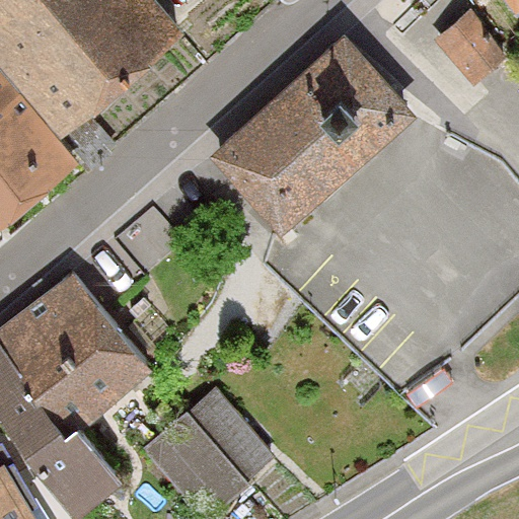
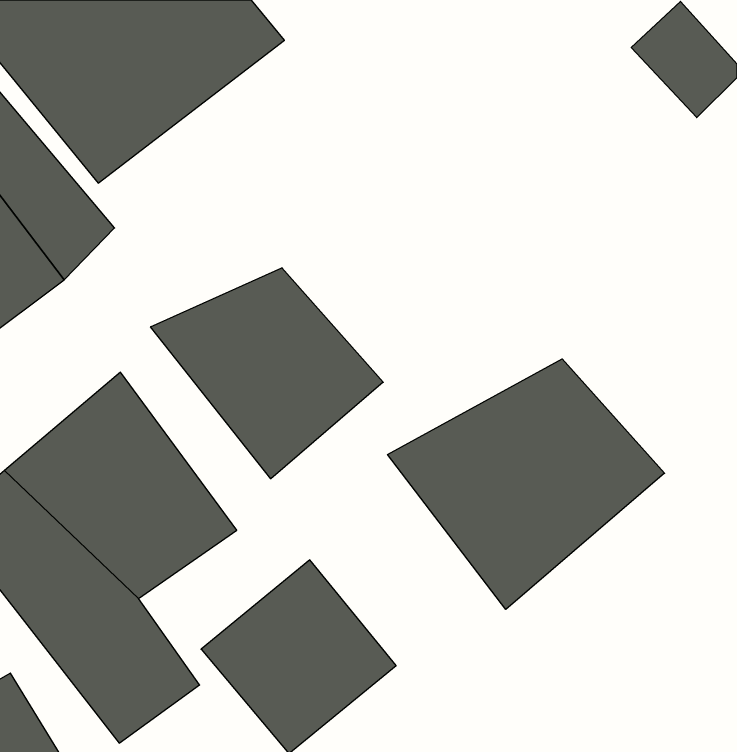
building: [208,34,421,237] -> none
building: none -> [151,268,383,479]
building: none -> [388,359,665,609]

